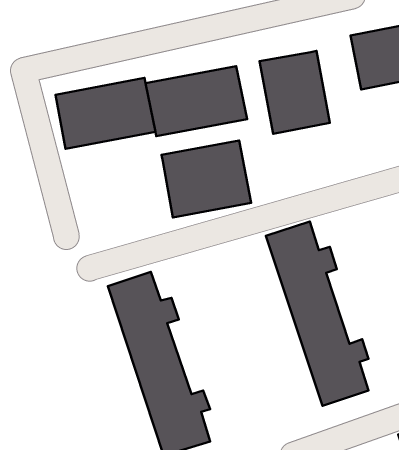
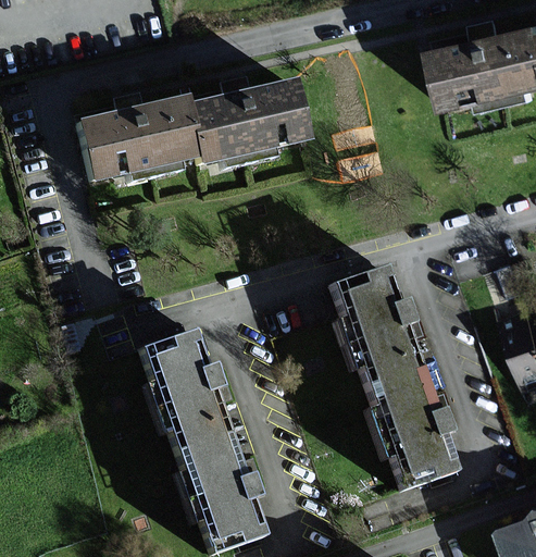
building: [259,51,330,134] -> none
building: [161,140,251,218] -> none

